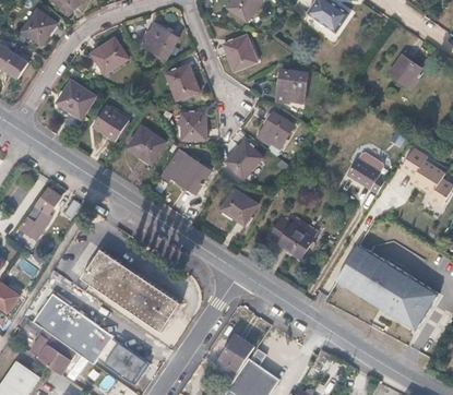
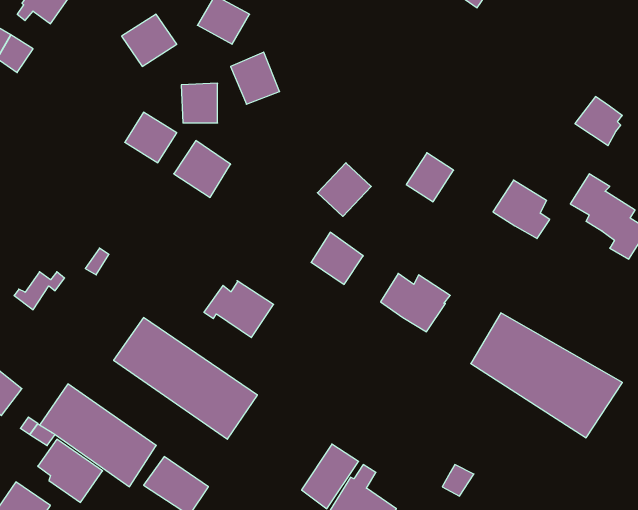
building: [223,34,257,70] -> none
building: [388,55,420,88] -> [575,97,622,146]
building: [276,69,307,101] -> none
building: [56,80,95,118] -> none
building: [180,111,205,139] -> [181,83,218,123]
building: [260,112,293,146] -> [406,153,454,202]
building: [162,153,210,192] -> [204,281,274,338]
building: [19,184,61,229] -> none

